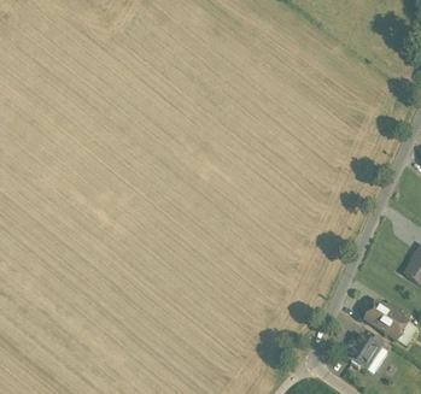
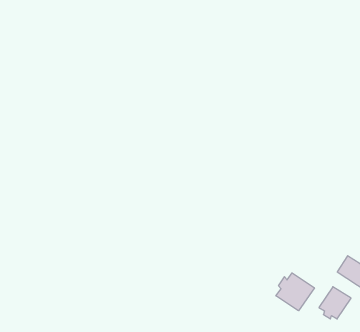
building: none -> [276,273,314,311]

